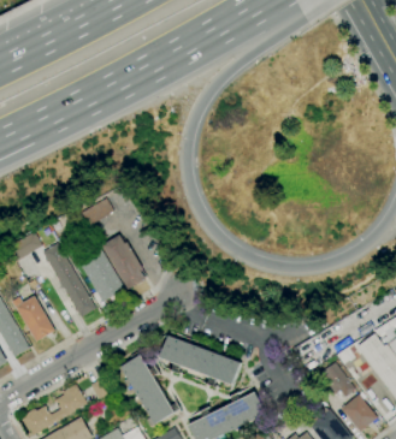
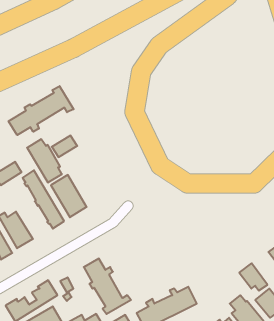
building: none -> [9,86,74,135]
building: [100,235,144,290] -> [27,139,62,182]
building: [160,336,241,387] -> none

